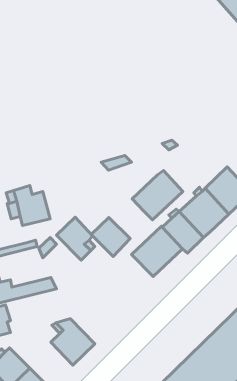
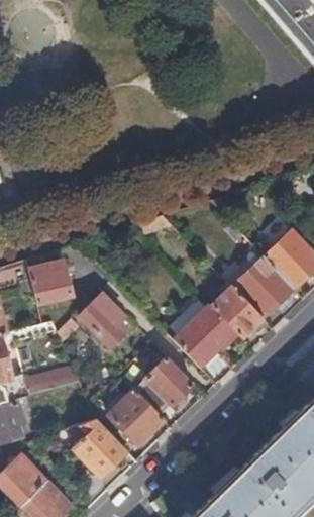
building: [132,171,183,220] -> none
building: [91,218,130,257] -> [144,356,193,405]
building: none -> [108,390,164,444]

